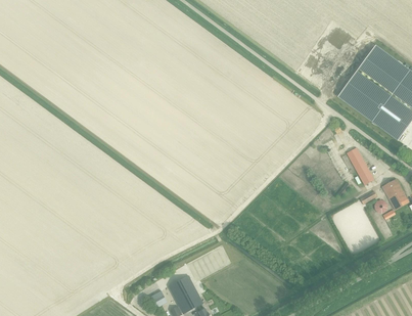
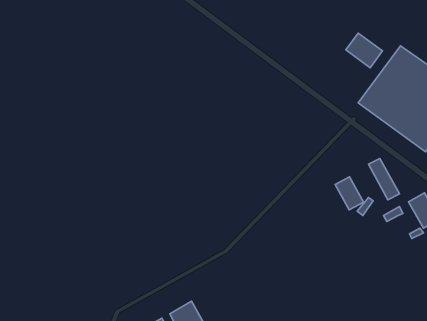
building: none -> [346,33,382,68]
building: none -> [335,177,363,210]

